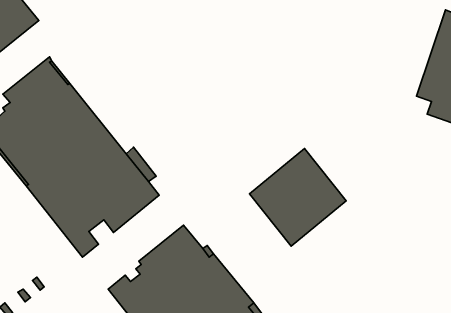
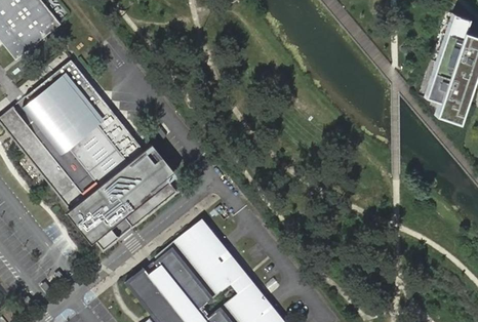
building: [250,149,346,246] -> none

